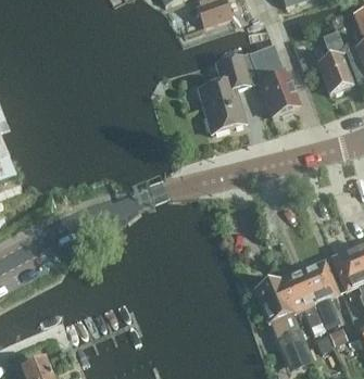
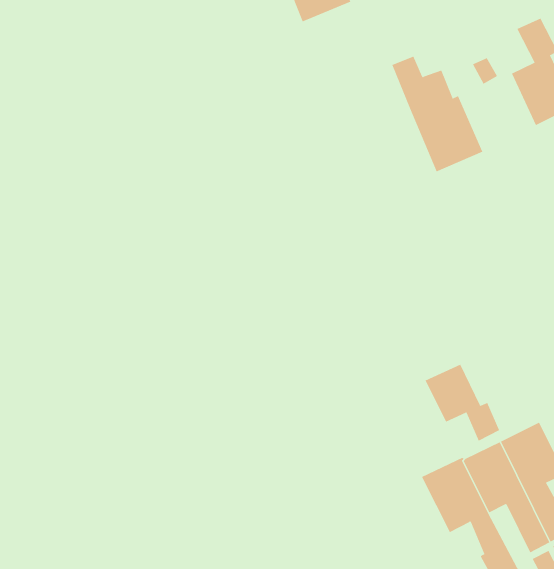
building: [199,53,261,132] -> none
building: none -> [425,364,500,441]

